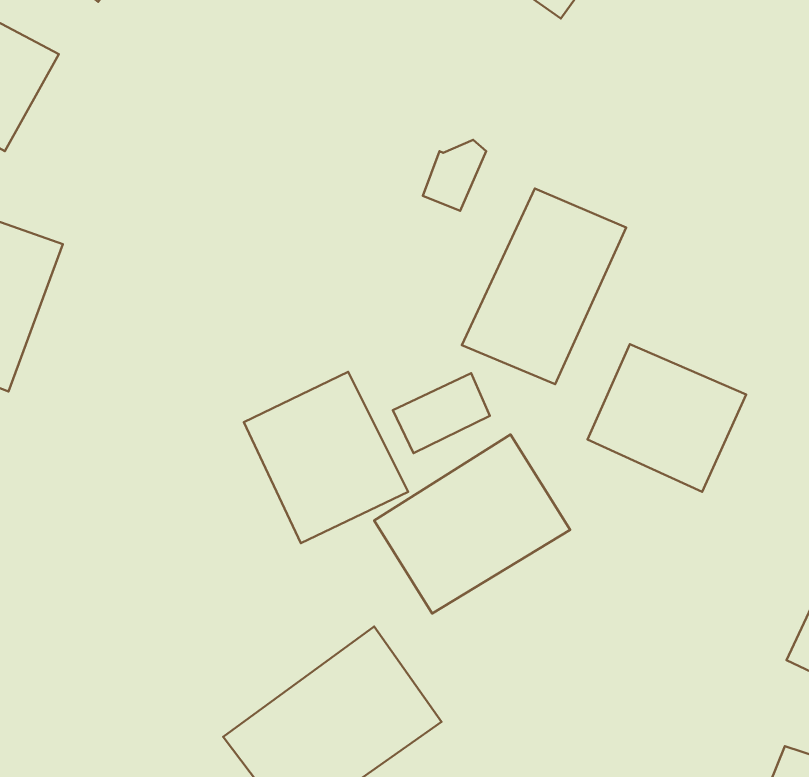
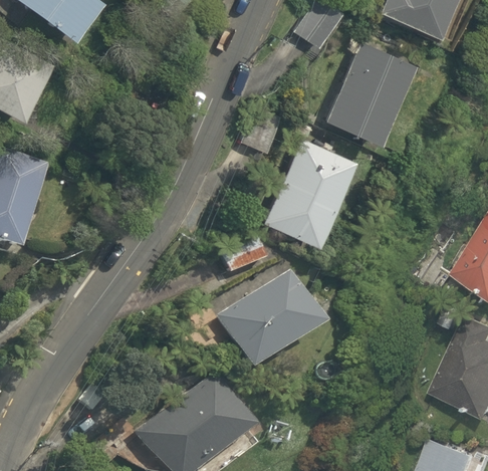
building: none -> [324,42,412,144]
building: [587,344,746,492] -> none
building: [244,372,408,543] -> none

